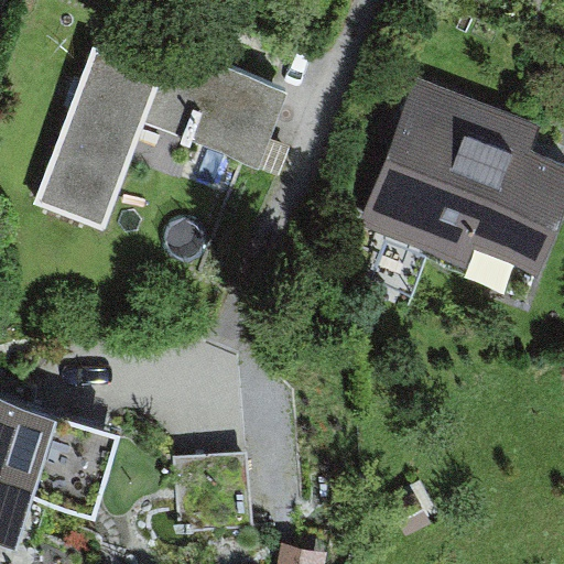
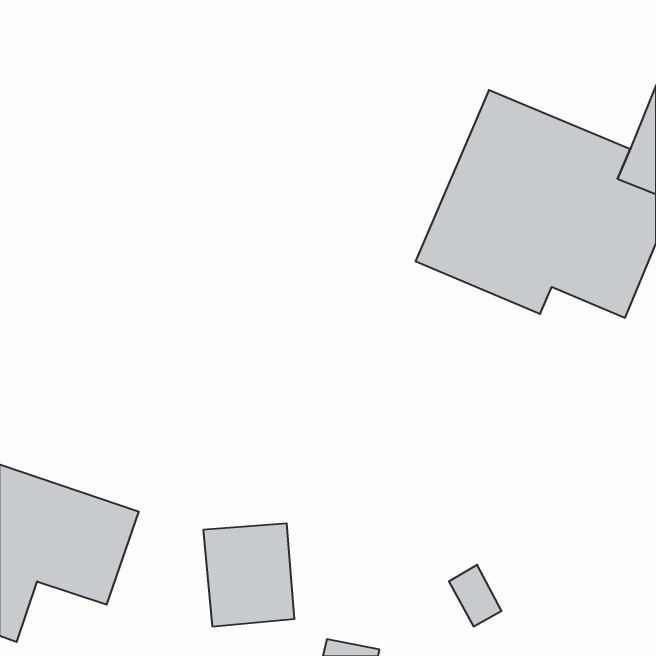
building: [32,29,288,235] -> none

